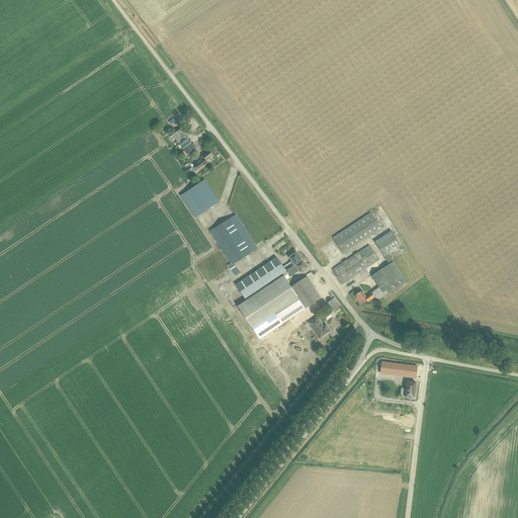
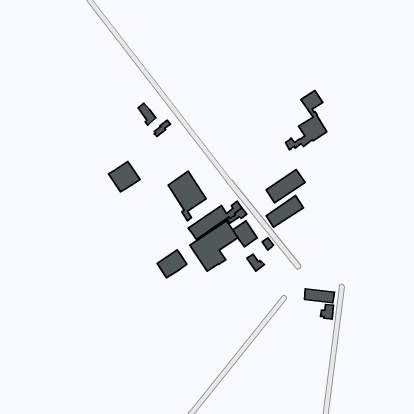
building: [179,179,219,217] -> [108,162,140,192]
building: [354,230,406,304] -> [286,90,327,150]
building: [273,296,305,324] -> none
building: none -> [157,250,187,278]

